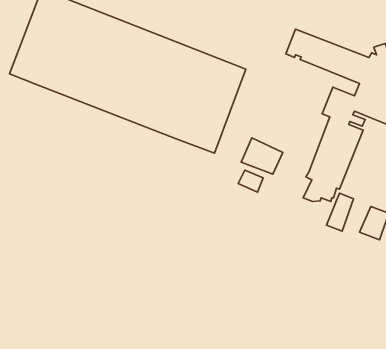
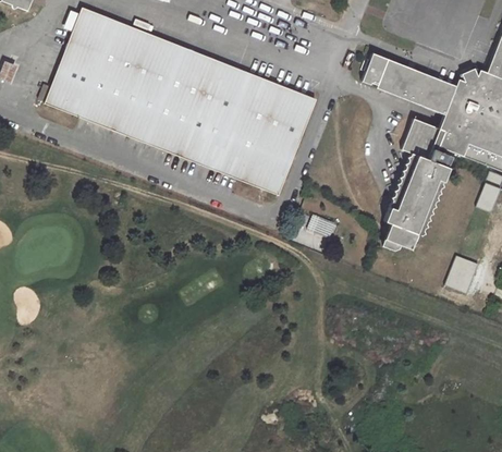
building: [241,138,283,174] -> none
building: [327,193,353,231] -> none

